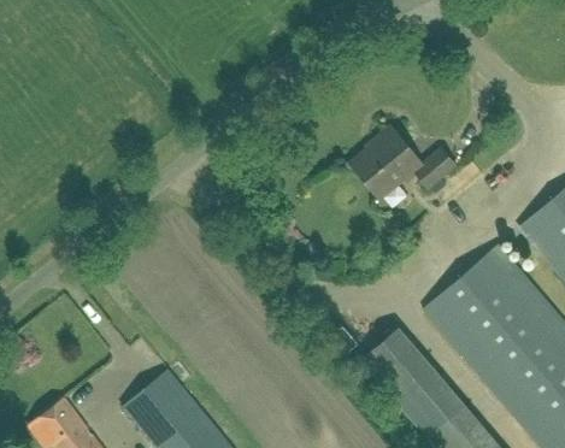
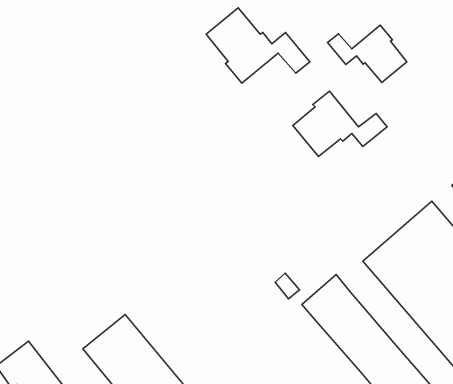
building: none -> [206,8,310,83]
building: none -> [328,25,407,83]

